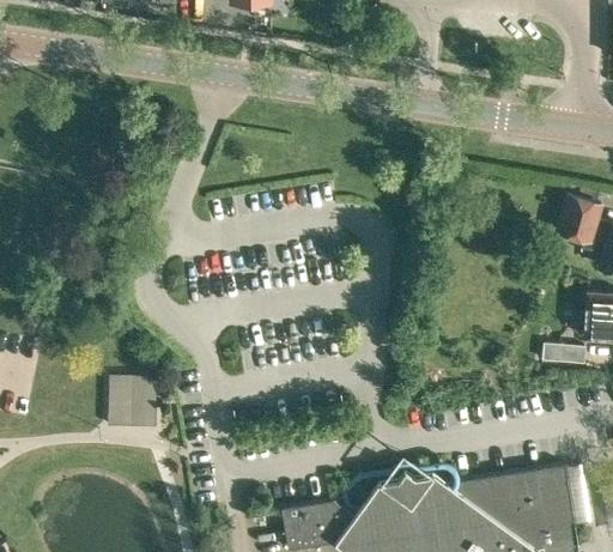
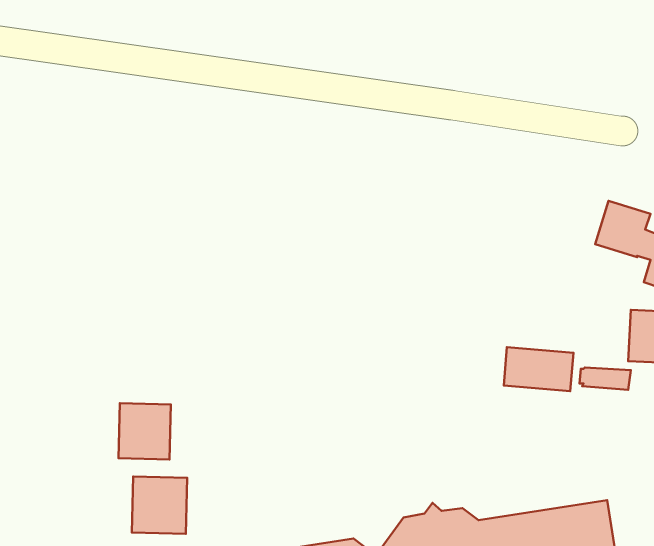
building: none -> [504,347,573,391]
building: none -> [132,476,187,534]

